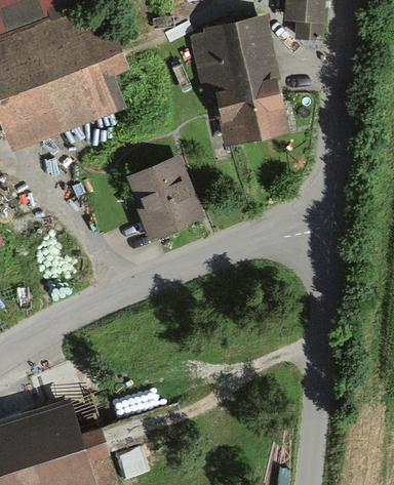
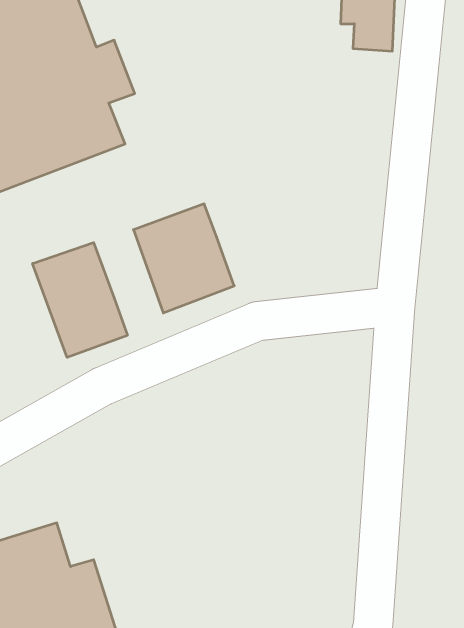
building: [189,18,291,150] -> none
building: none -> [33,243,127,357]

